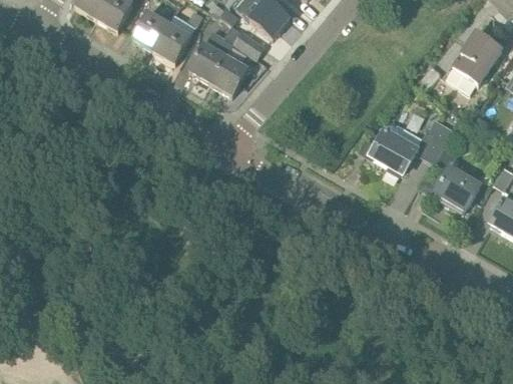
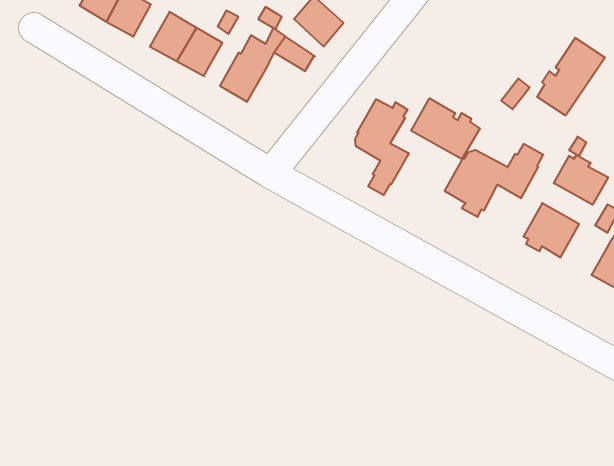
building: [211,55,248,95] -> none
building: none -> [411,98,480,159]
building: none -> [355,99,409,195]
building: none -> [554,155,608,205]

